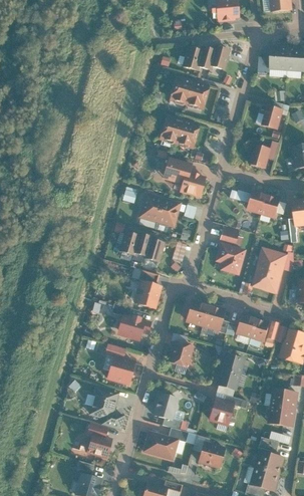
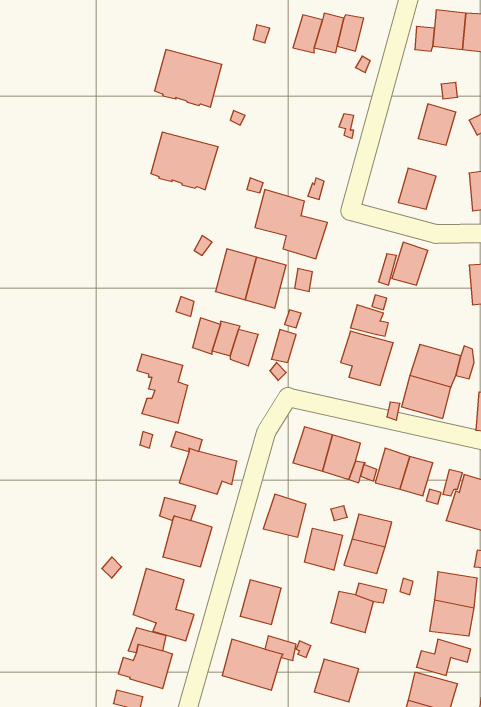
building: [169,74,210,109] -> [154,50,222,107]
building: [159,113,200,149] -> [151,132,218,190]
building: [260,193,282,219] -> none
building: [130,267,162,309] -> [137,354,188,423]
building: none -> [305,528,343,570]

